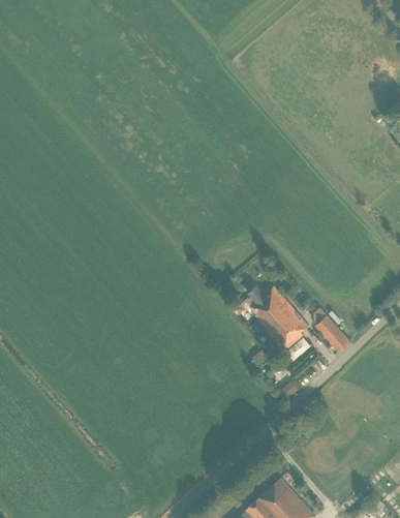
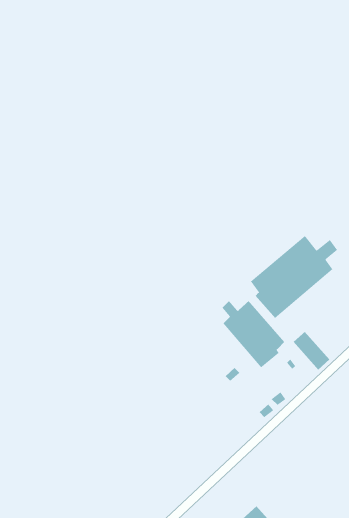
building: none -> [250,235,338,319]

